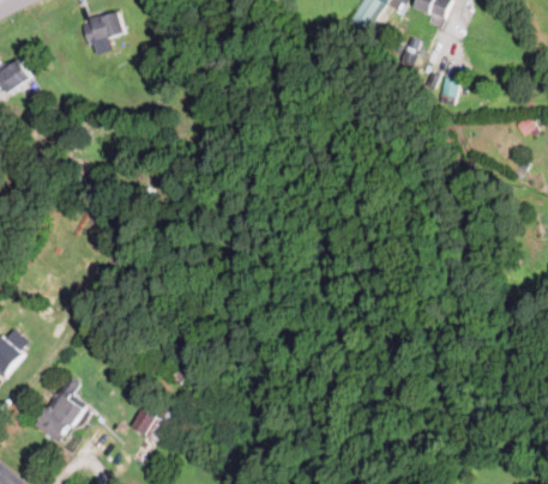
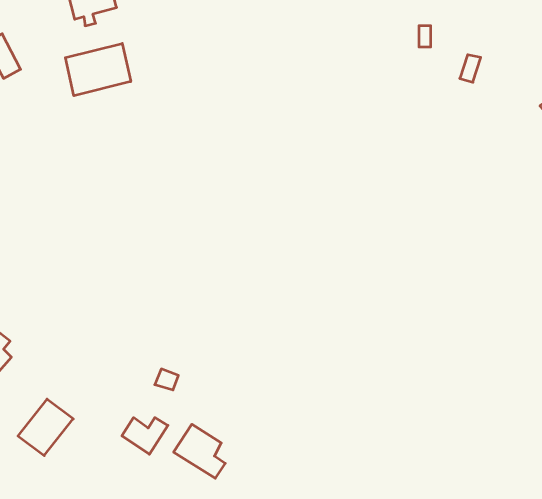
building: none -> [65,43,131,96]
building: none -> [174,424,225,478]

